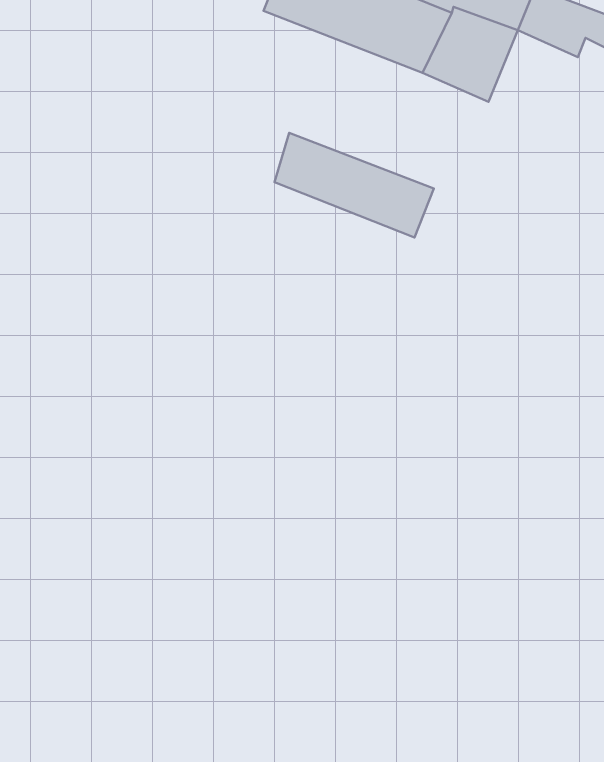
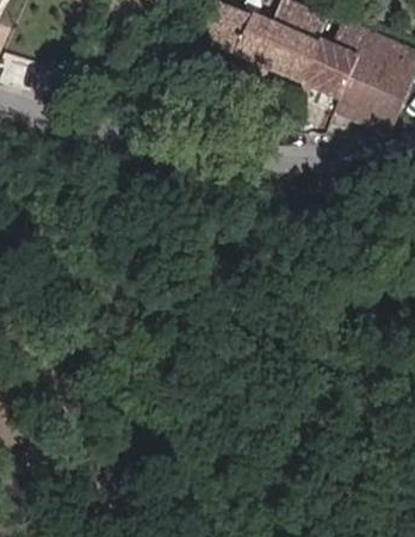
building: none -> [341,57,405,122]
building: [274,133,434,238] -> none

